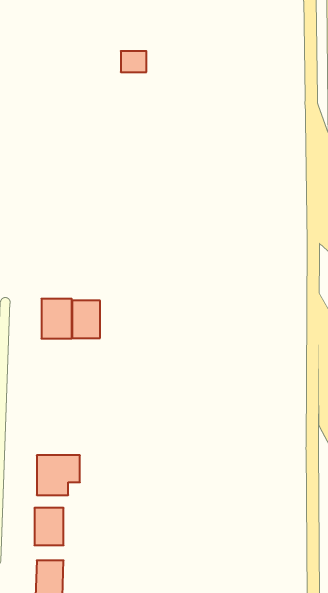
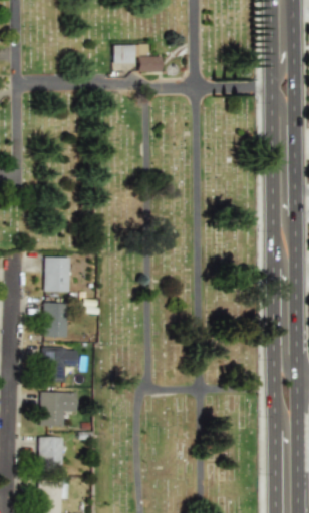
building: none -> [140,44,163,72]
building: [72,301,100,338] -> [44,302,68,334]
building: none -> [44,349,77,377]

